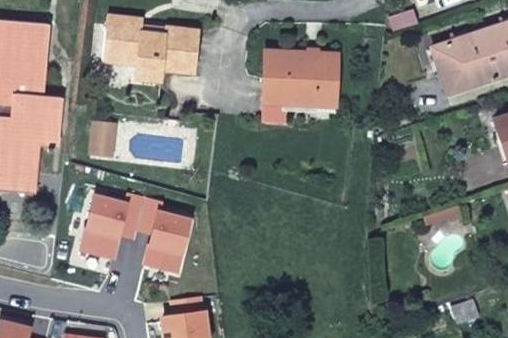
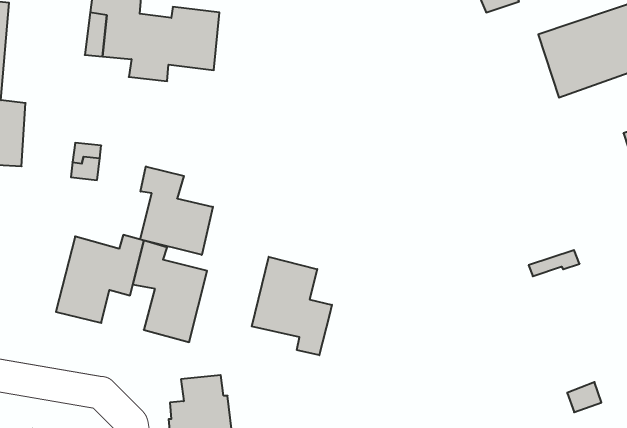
building: [262,51,337,123] -> none
building: none -> [140,166,213,255]
building: none -> [252,257,332,355]

